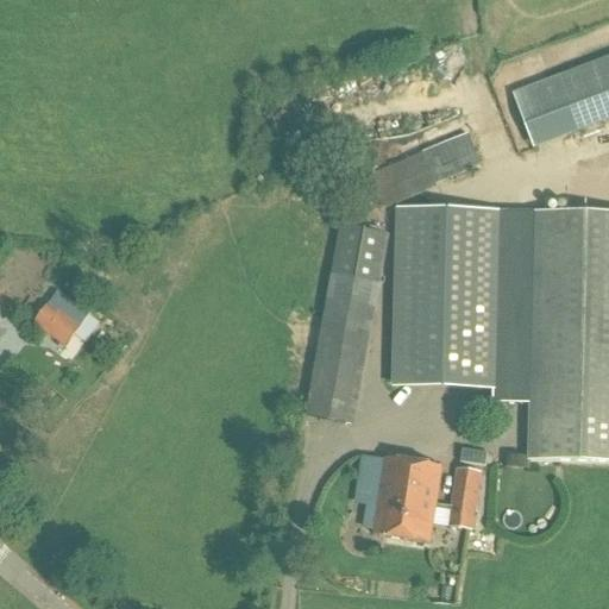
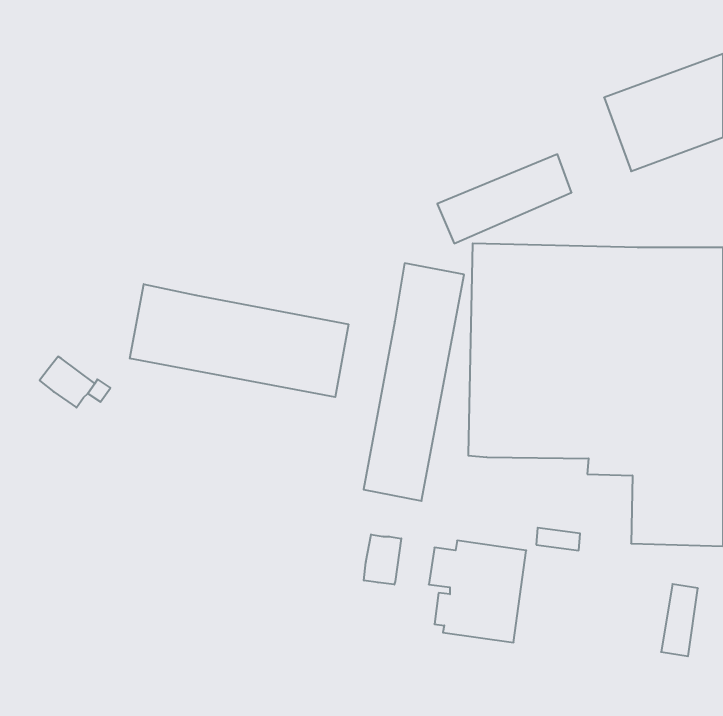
building: none -> [130,284,348,397]
building: none -> [364,534,401,585]
building: [448,465,479,526] -> [661,584,698,656]

